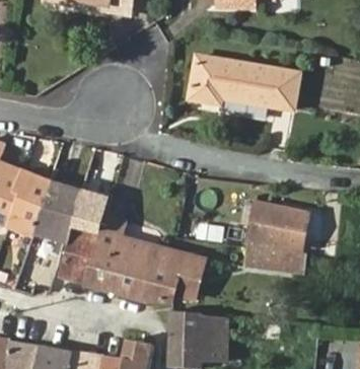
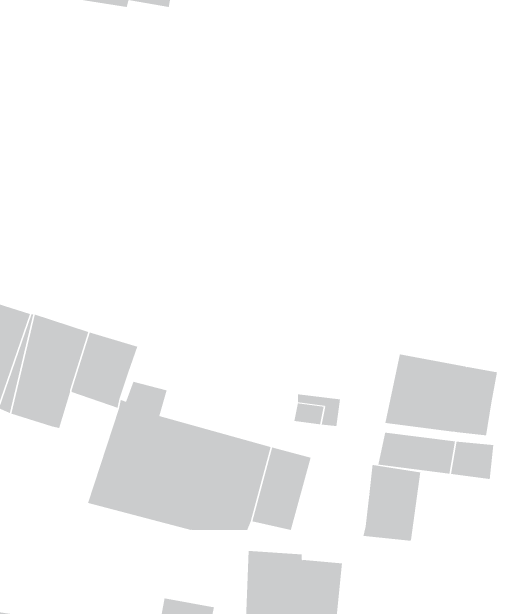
building: [187,55,299,109] -> none
building: [57,223,99,285] -> none
building: none -> [363,464,421,542]

